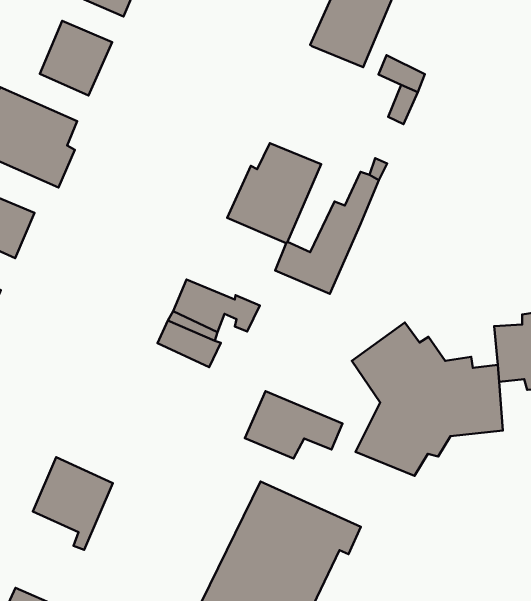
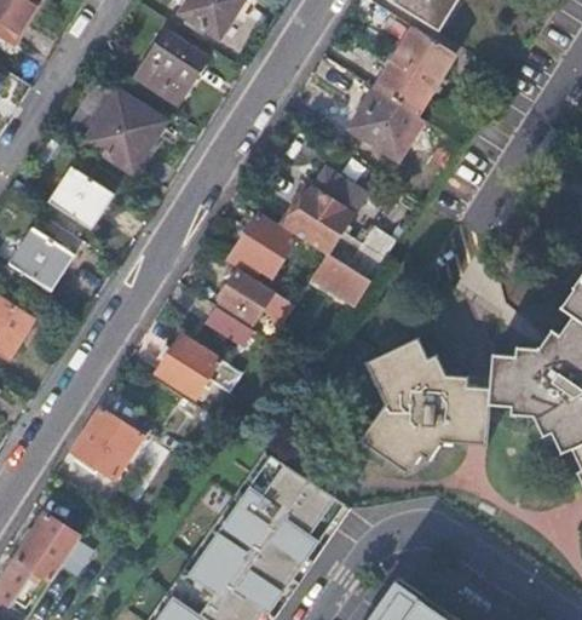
building: none -> [350,88,422,159]
building: none -> [226,213,301,304]
building: [245,391,343,458] -> [155,334,241,396]

